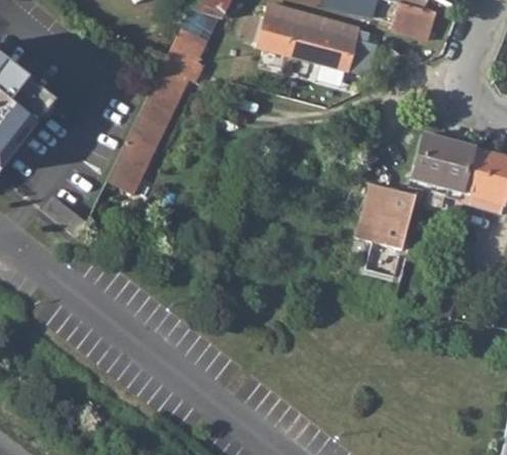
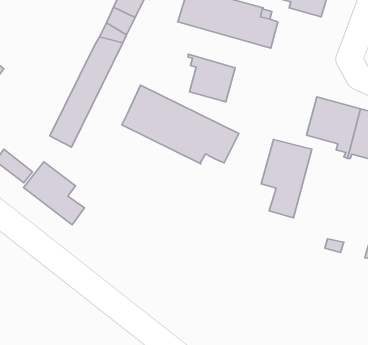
building: none -> [188,54,235,102]
building: none -> [122,85,239,164]
building: none -> [23,162,85,225]

